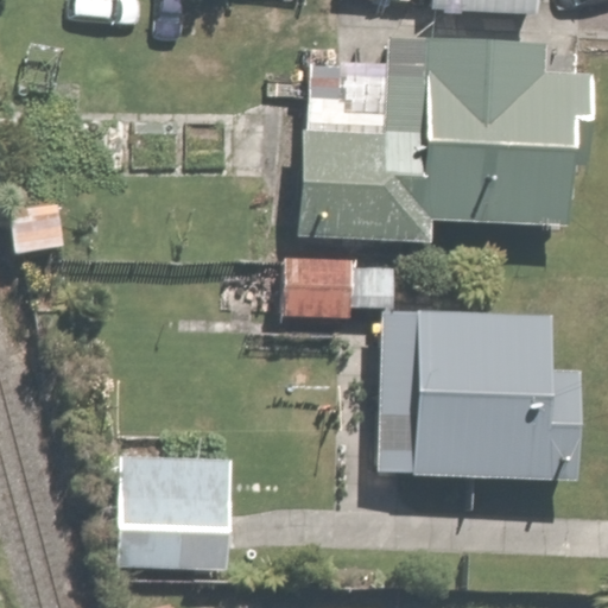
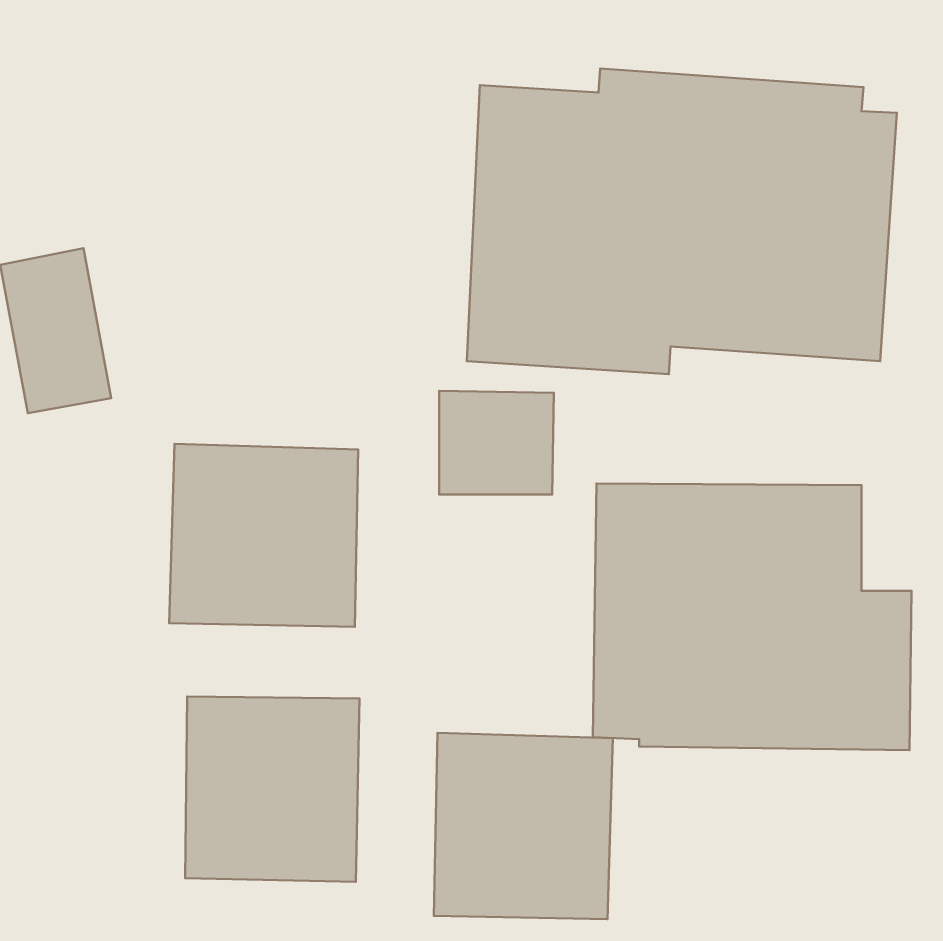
building: none -> [169,444,358,627]
building: none -> [434,733,613,919]

